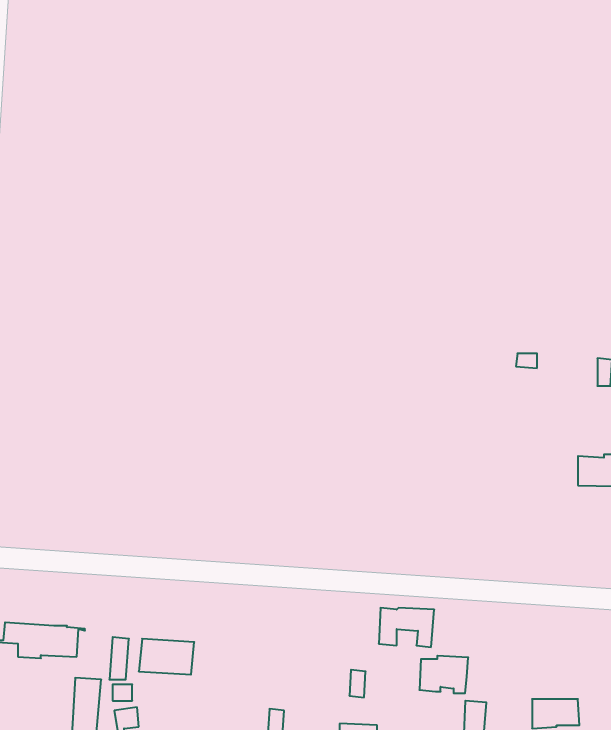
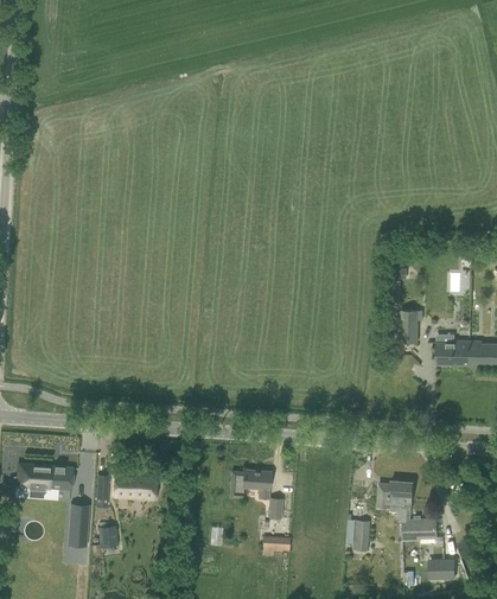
building: none -> [400,310,416,342]
building: [379,608,434,647] -> [230,470,270,498]
building: [419,656,468,693] -> [377,480,413,508]

